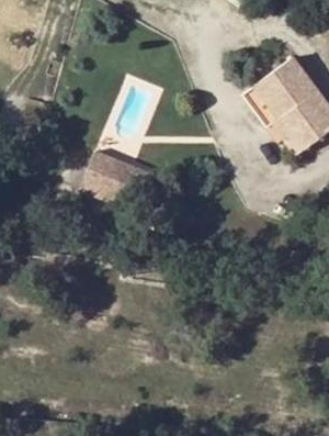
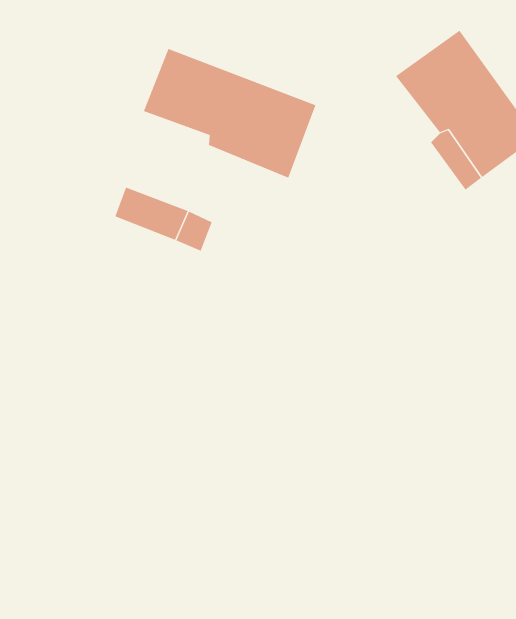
building: none -> [143,48,316,179]

